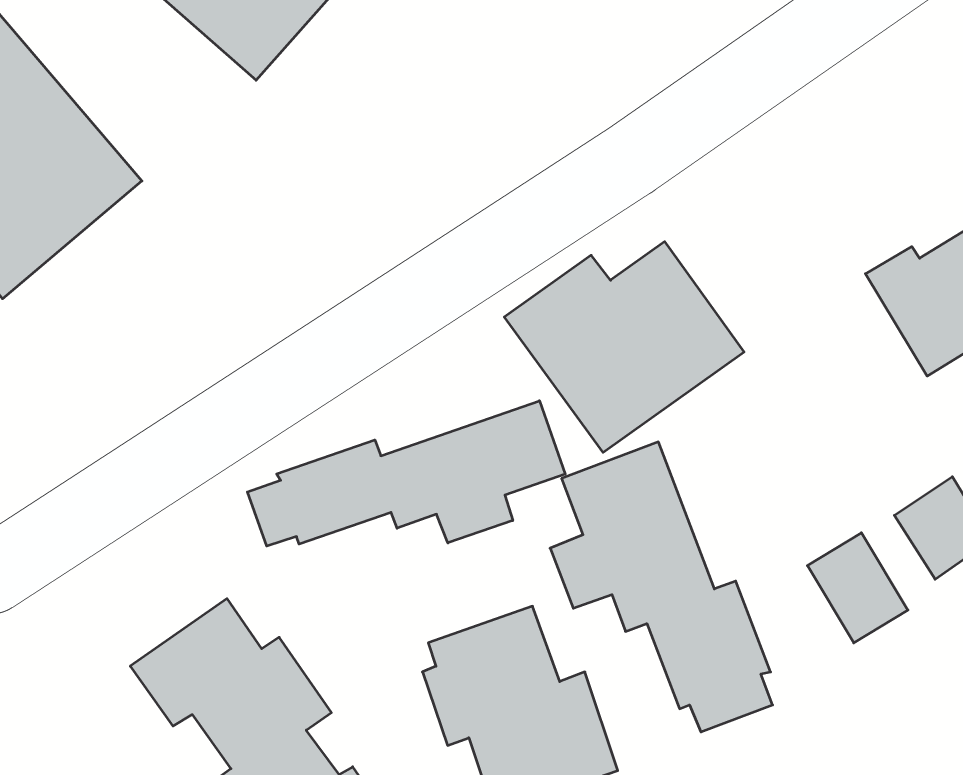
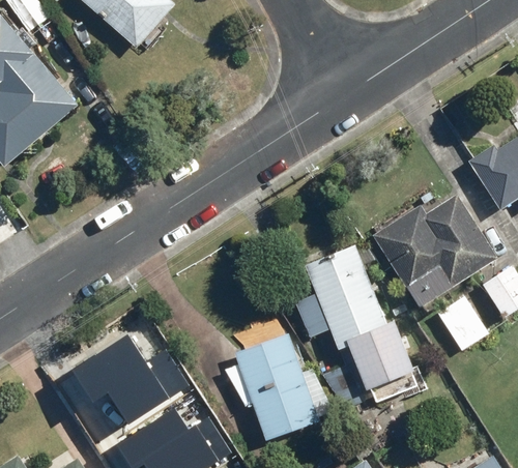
building: [504,242,744,452] -> [369,196,497,309]
building: [247,401,565,546] -> none

